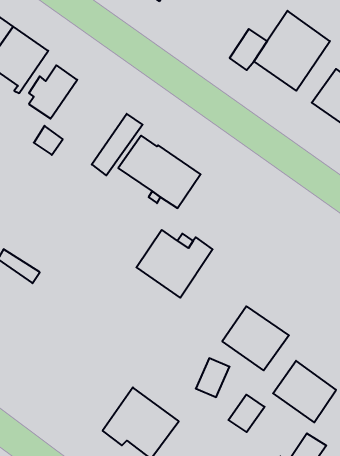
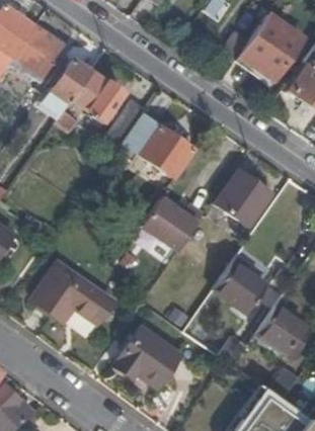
building: none -> [72,71,125,121]
building: none -> [218,169,272,225]
building: none -> [32,264,111,322]

